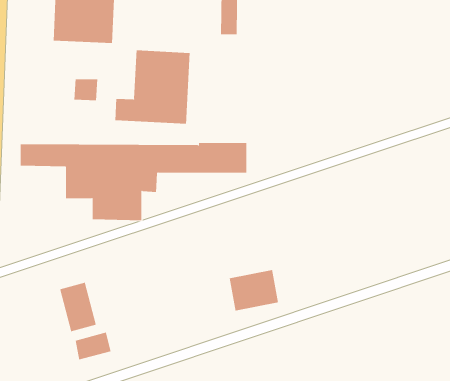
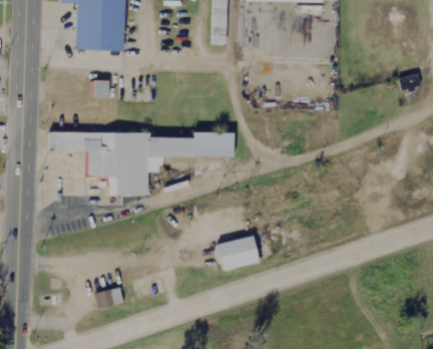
building: [115,50,190,125] -> none
building: [60,282,96,332] -> none

